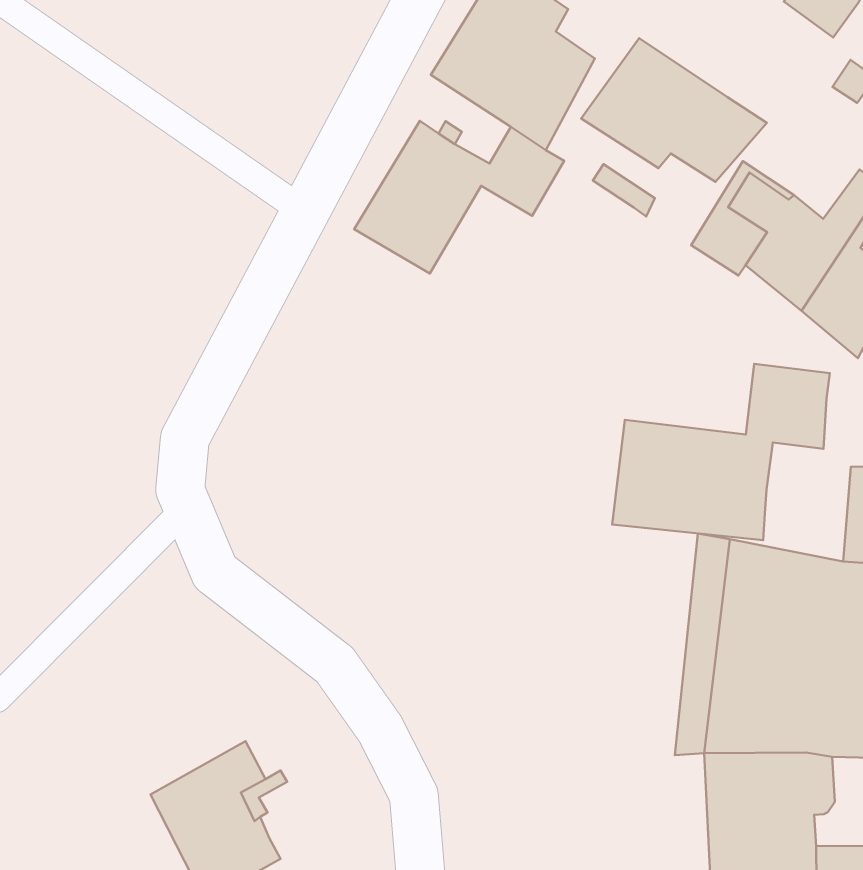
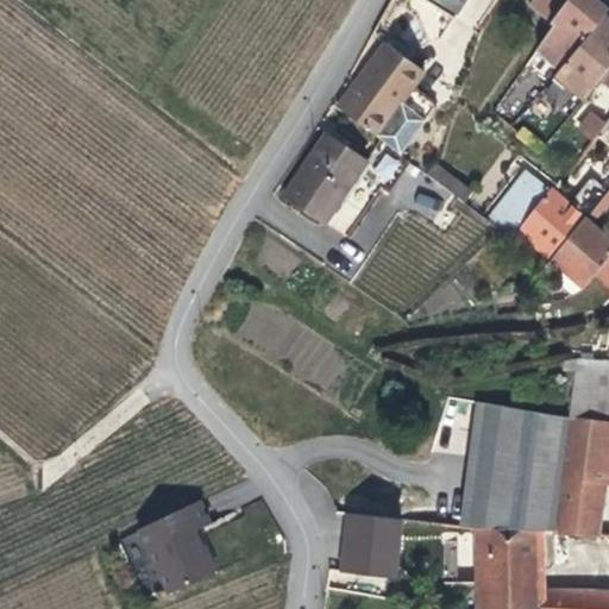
building: [581,38,767,182] -> none
building: [612,364,830,540] -> none
building: none -> [339,521,401,582]

